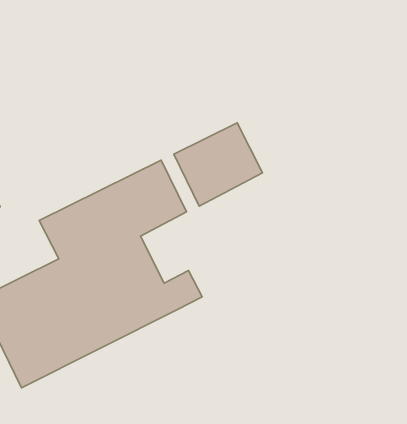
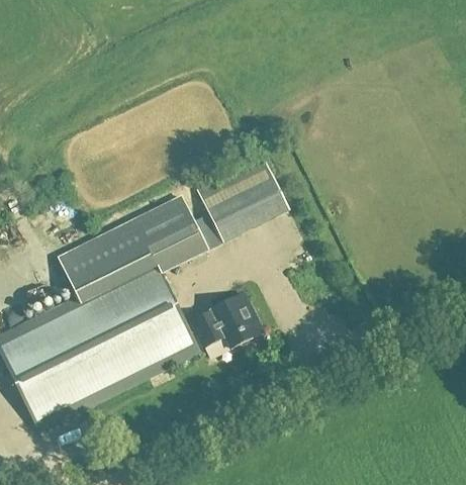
building: none -> [211,291,264,347]

